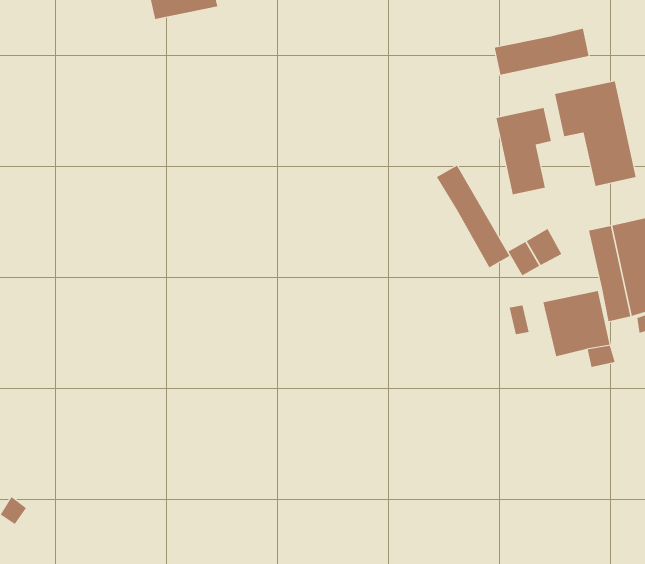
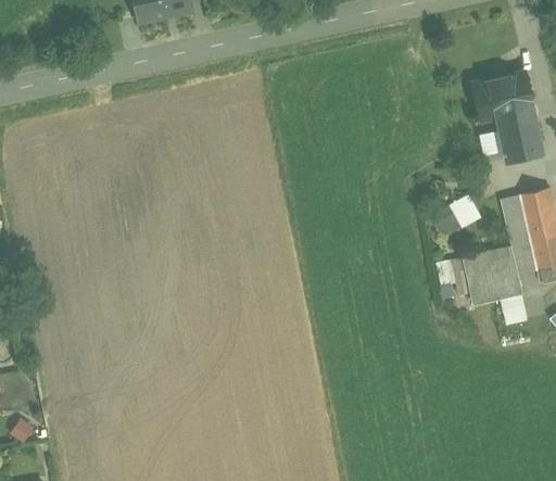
building: [494,28,589,76] -> none
building: [496,107,551,195] -> none
building: [436,165,510,268] -> none

